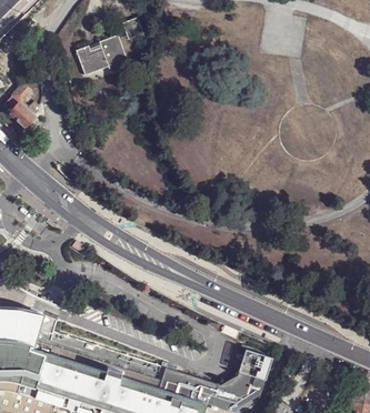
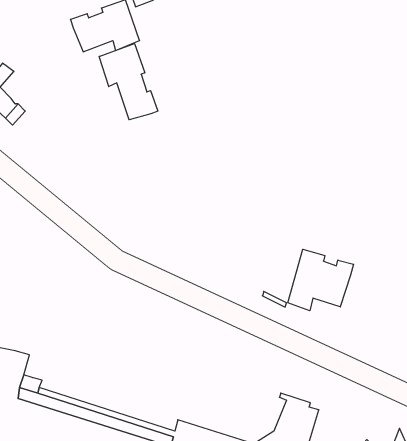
building: none -> [99,44,158,120]
building: none -> [288,249,354,311]

